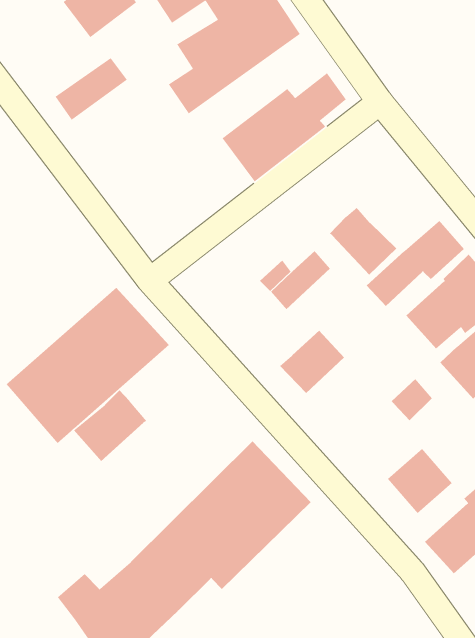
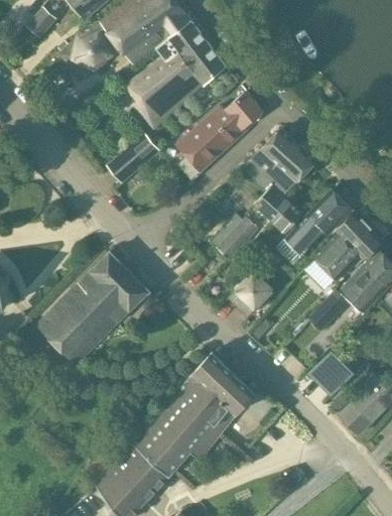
building: [55,57,128,121] -> [105,136,155,182]
building: none -> [248,129,316,196]
building: [73,390,147,462] -> none

